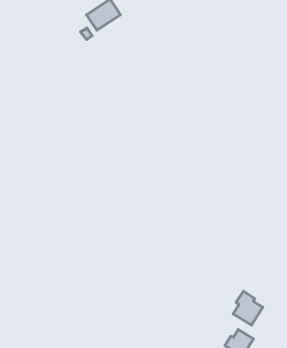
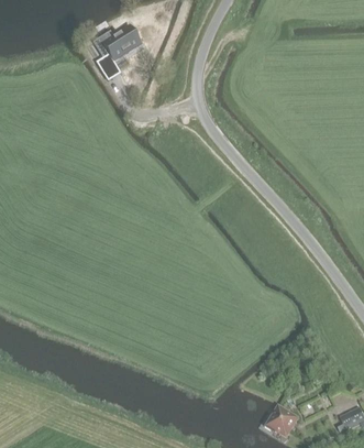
building: [233,291,263,325] -> none

